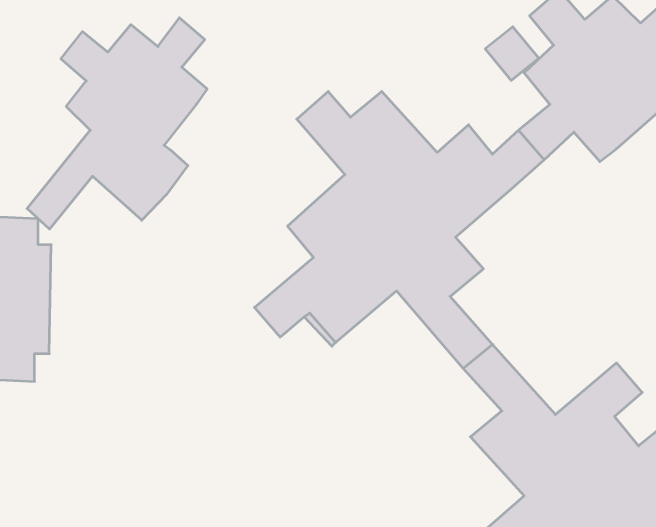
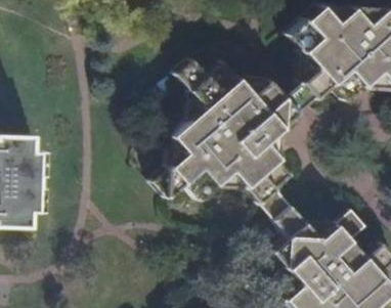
building: [27,18,207,229] -> none

